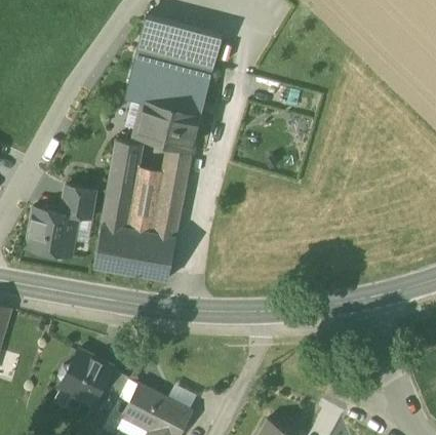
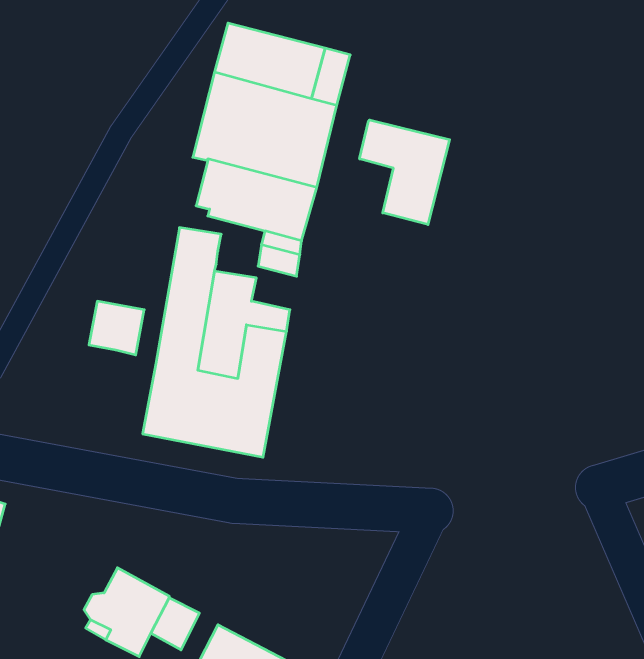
building: none -> [360,120,450,225]
building: [160,165,188,192] -> none
building: [26,208,77,262] -> none

